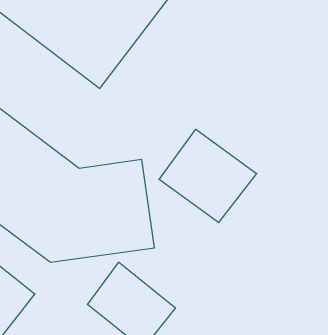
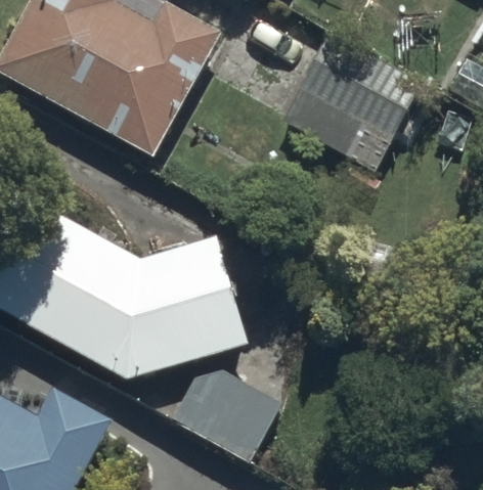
building: none -> [279,34,422,173]
building: [159,129,257,223] -> none

